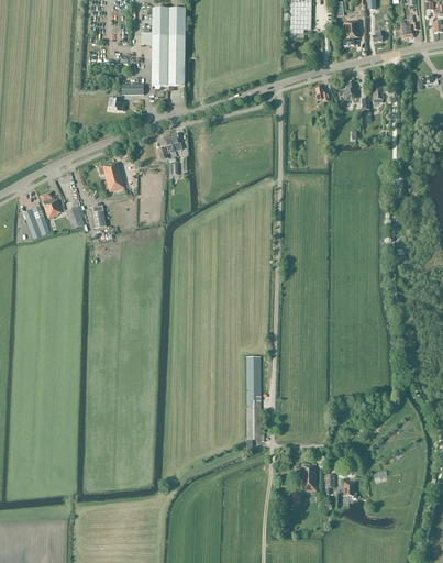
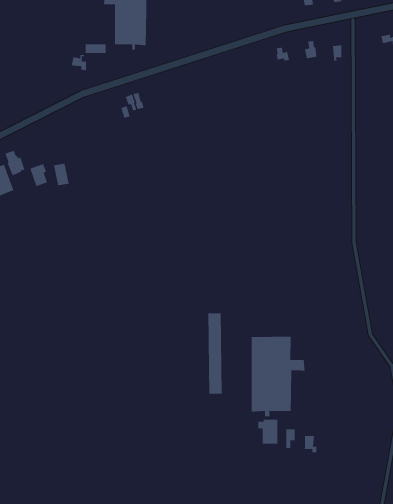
building: [98,162,124,191] -> none
building: none -> [251,336,305,417]

